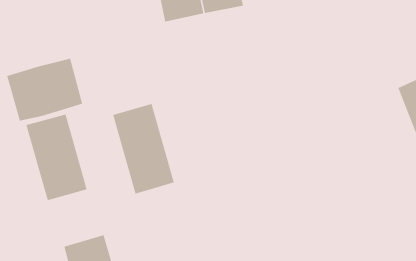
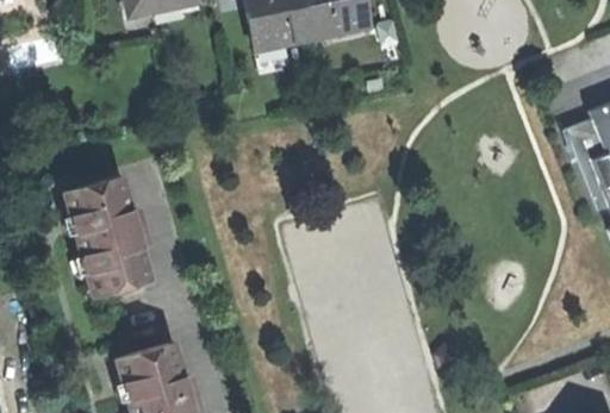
building: [6,58,83,122] -> none
building: [112,103,174,194] -> none

